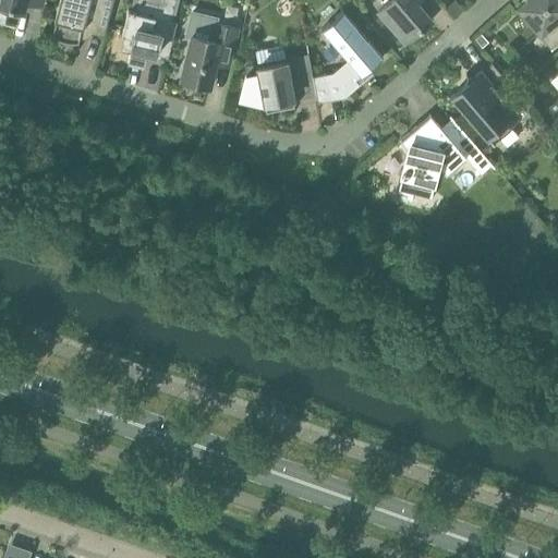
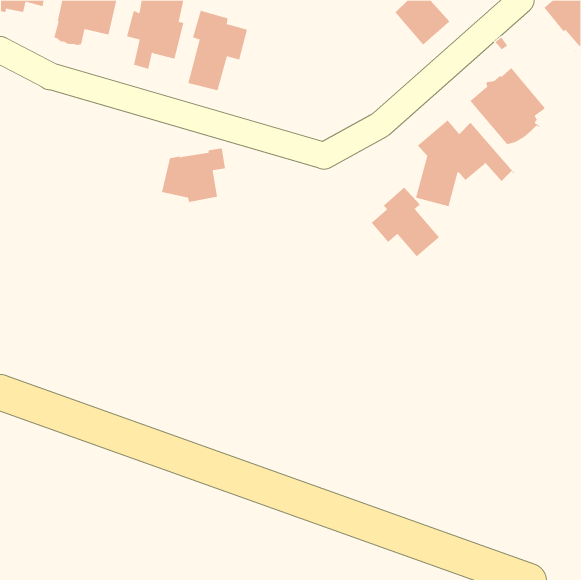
building: [312,12,381,105] -> none
building: [240,58,302,110] -> [161,148,226,202]
building: none -> [371,187,440,257]

